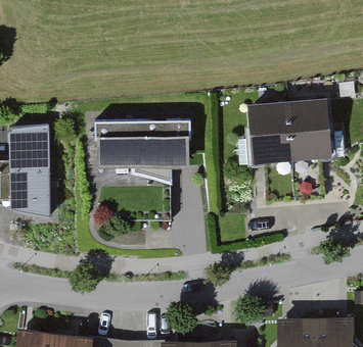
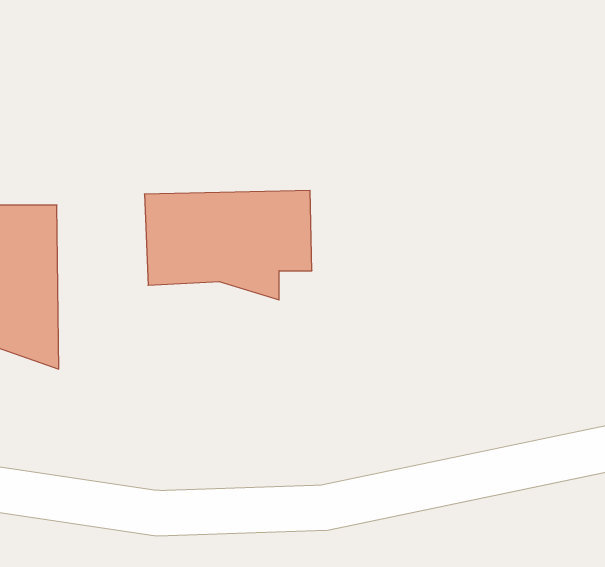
building: [251,96,332,159] -> none

